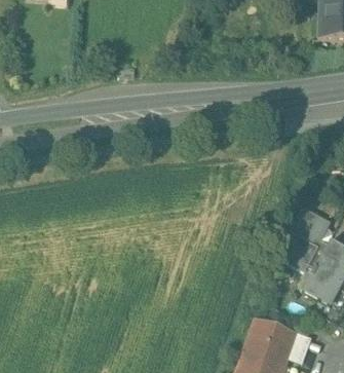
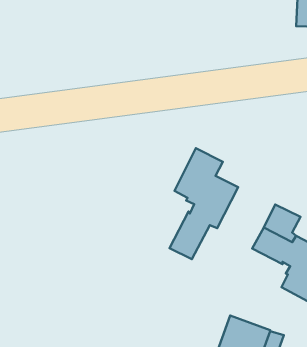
building: none -> [169,148,238,259]

